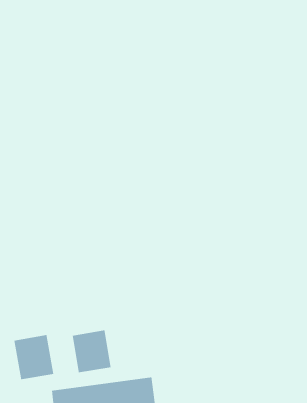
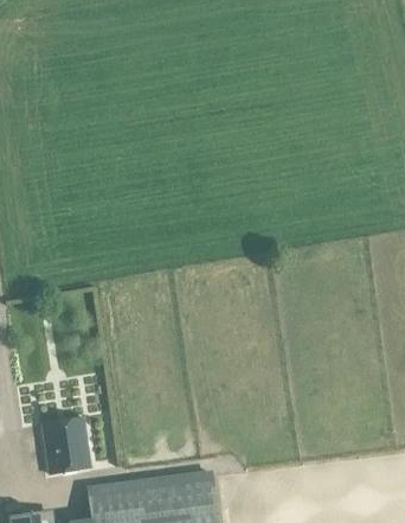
building: [72,330,111,373] -> none

